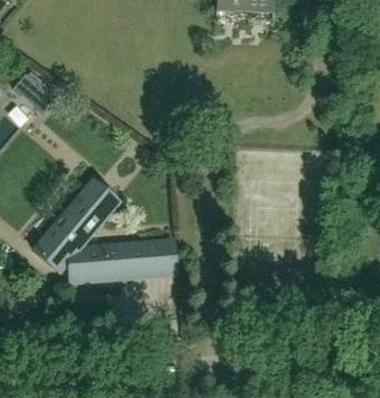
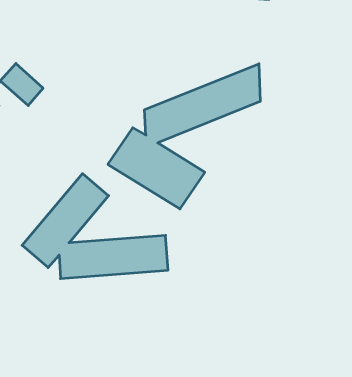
building: none -> [108,64,260,209]

